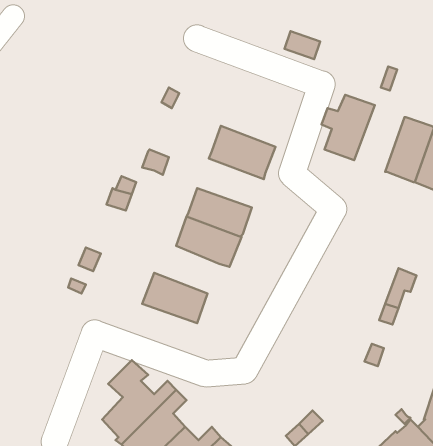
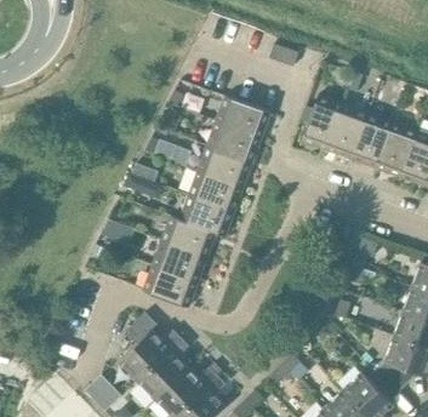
building: none -> [217,97,270,138]
building: none -> [326,104,367,159]
building: none -> [198,148,252,188]
building: none -> [162,217,216,258]
building: none -> [143,267,198,308]

